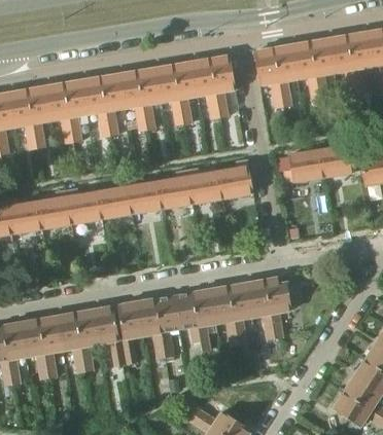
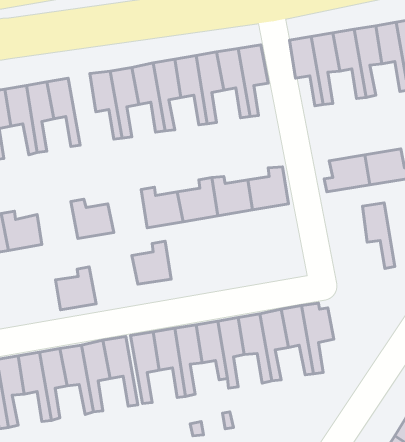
building: [63,80,86,142] -> none
building: [97,180,131,217] -> [132,241,171,284]
building: [36,190,71,227] -> [56,267,96,310]
building: none -> [362,203,395,269]

